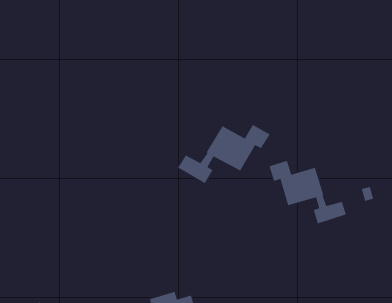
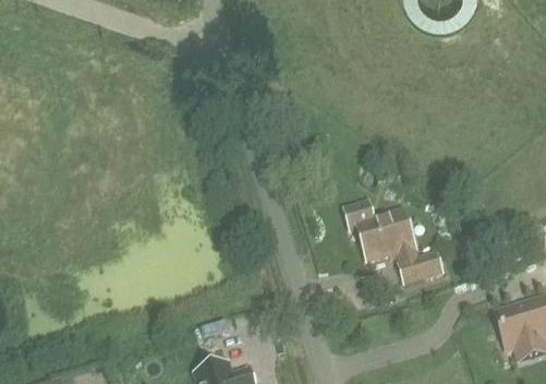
building: [177,124,271,184] -> none

